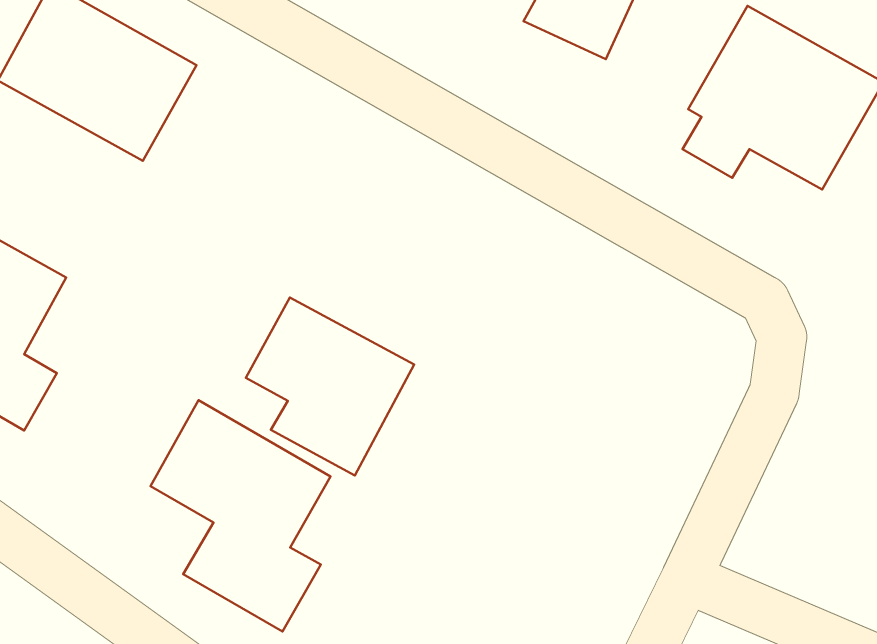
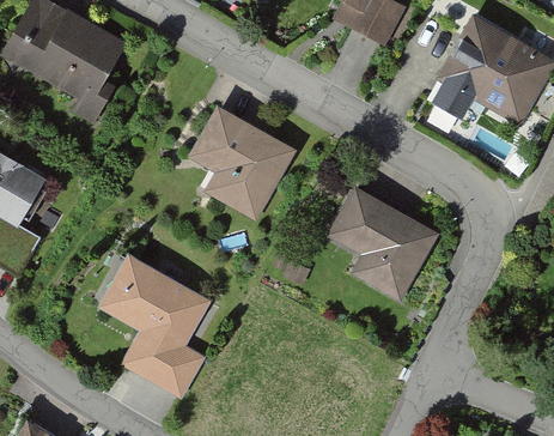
building: none -> [329,189,439,303]
building: [246,298,414,476] -> [189,109,294,220]

